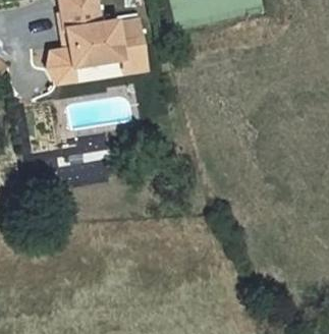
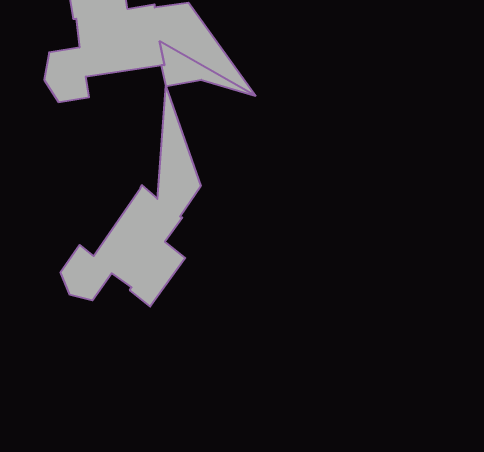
building: none -> [61,86,201,307]

